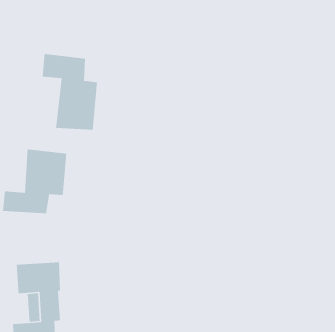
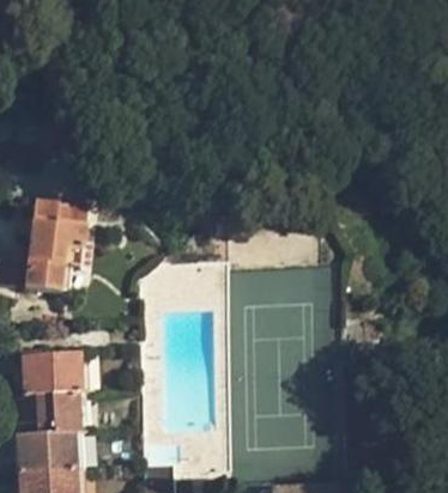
building: [42,53,98,131] -> none

